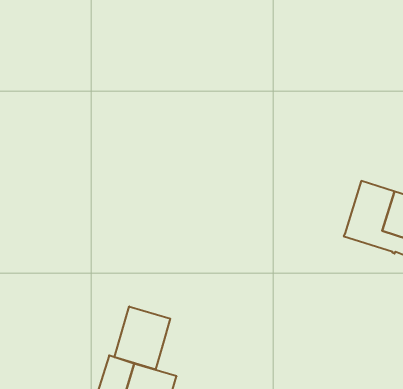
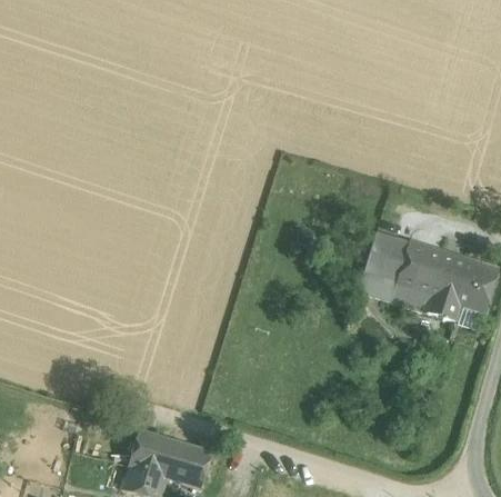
building: none -> [360,231,410,298]
building: [114,306,170,369] -> none

